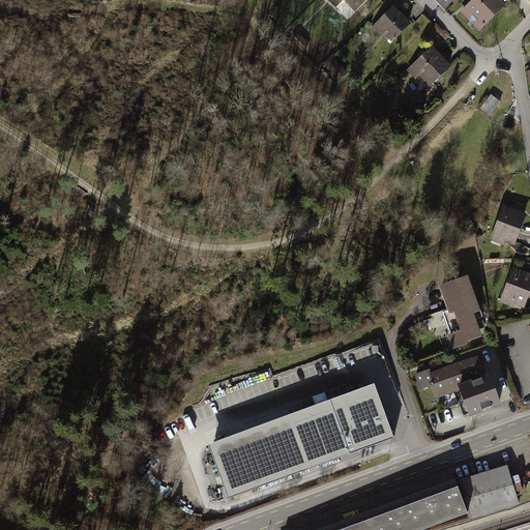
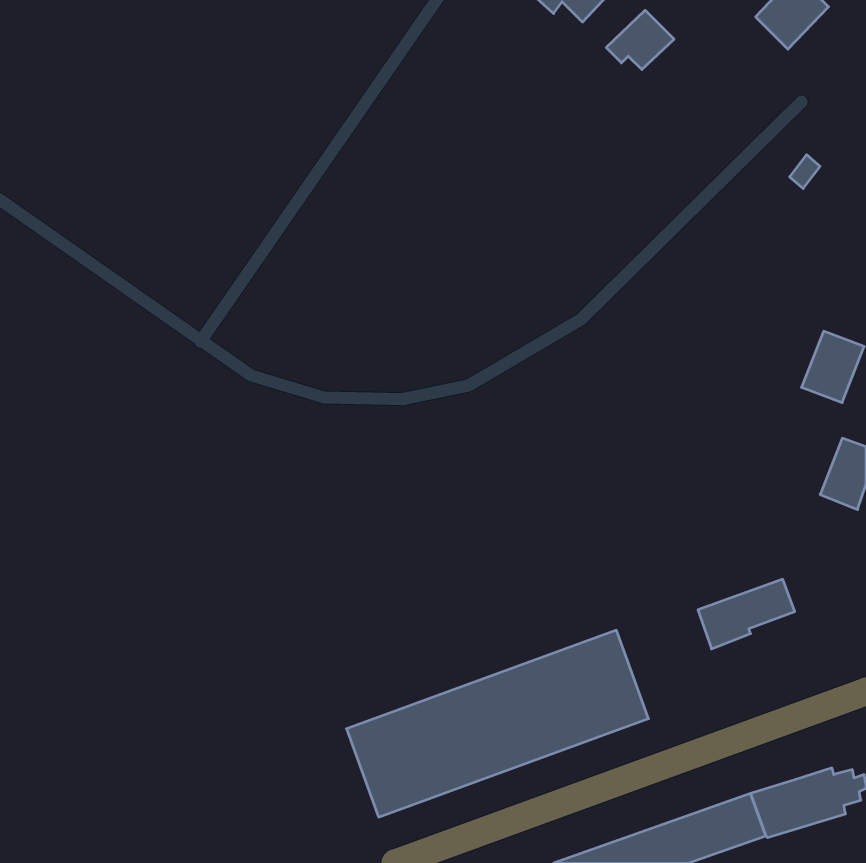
building: [407,47,451,87] -> none
building: [437,274,481,346] -> none
building: [457,372,499,414] -> none

